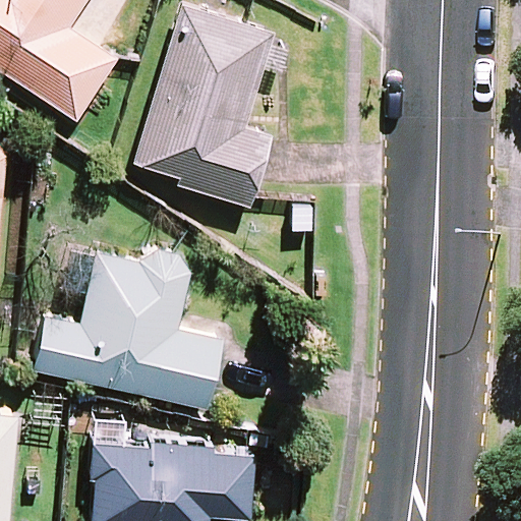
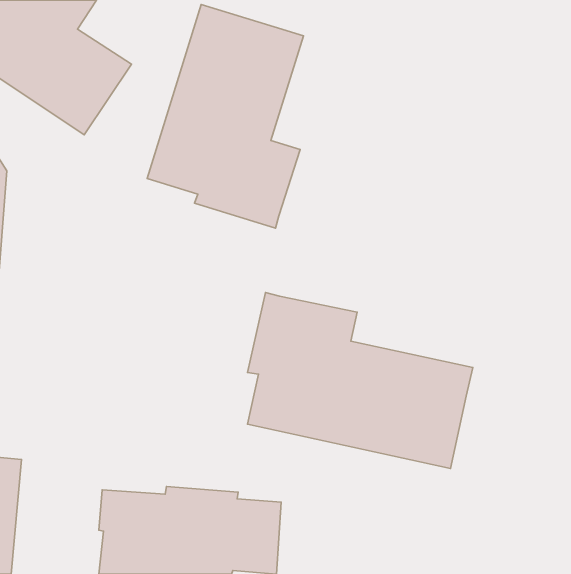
building: [31,249,222,406] -> none
building: none -> [248,293,473,468]

